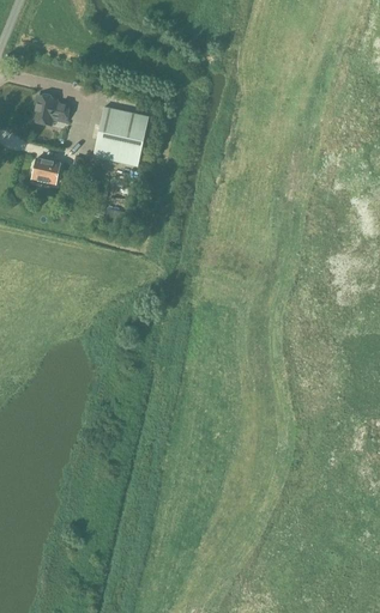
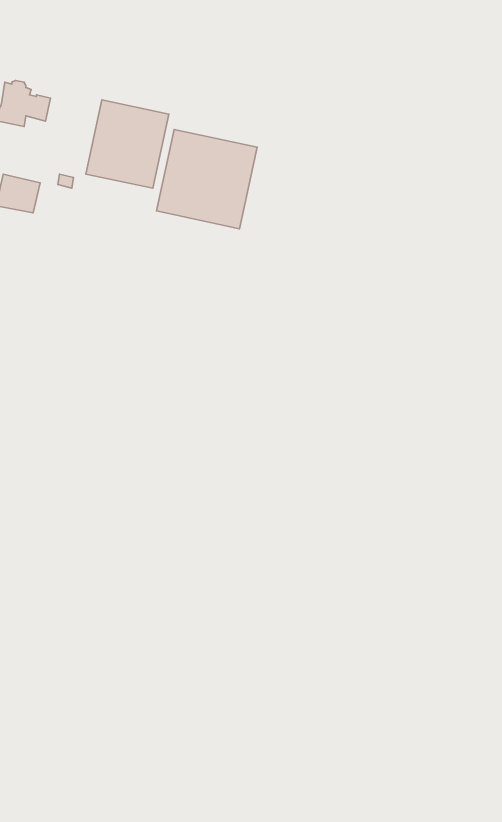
building: none -> [157,129,257,229]

